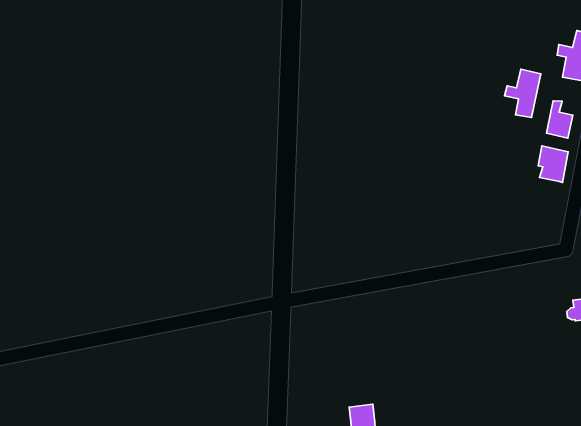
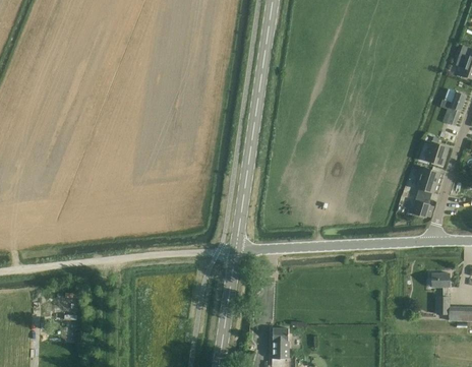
building: [505,69,541,117] -> none
building: none -> [410,187,431,218]

